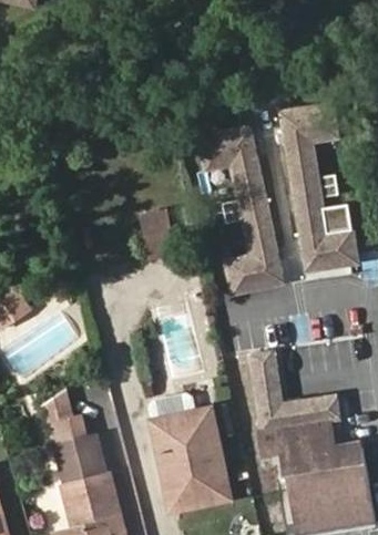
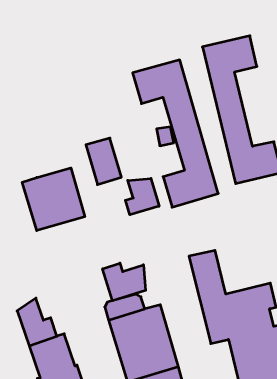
building: none -> [22,168,85,231]
building: none -> [125,178,159,215]
building: none -> [103,263,146,301]

